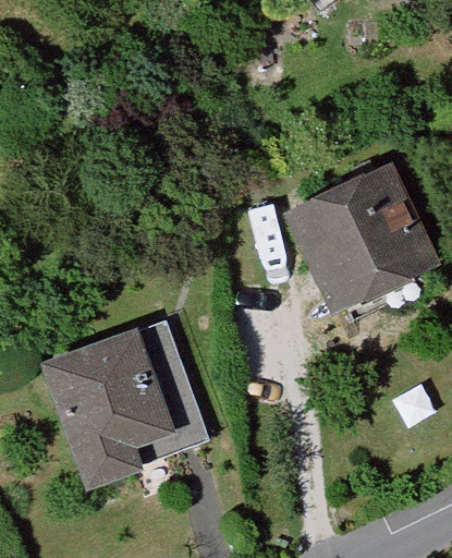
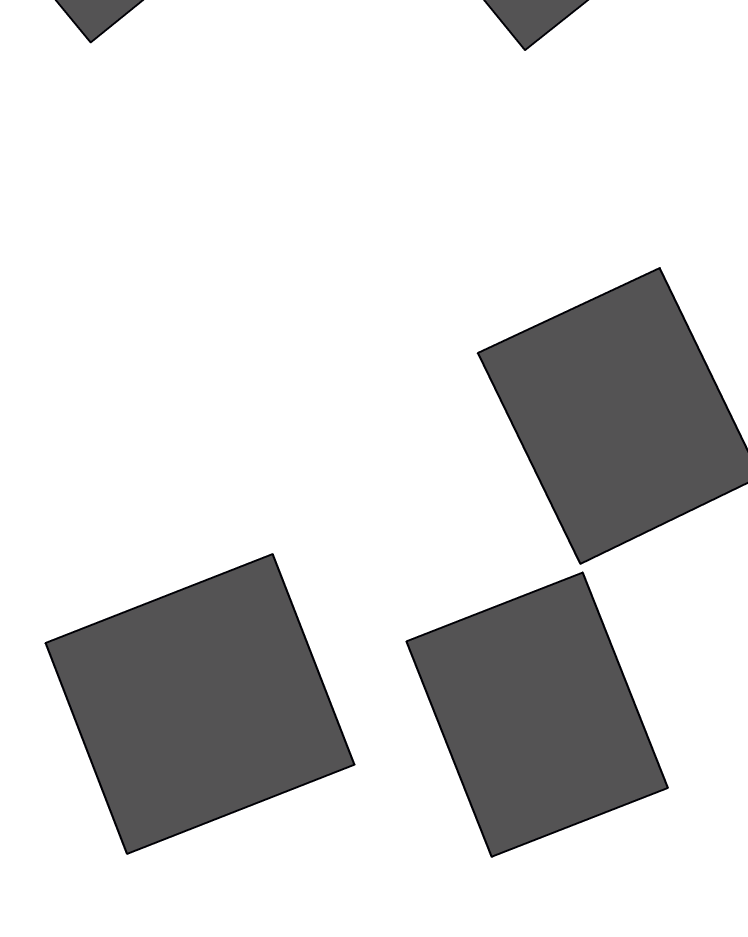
building: none -> [407,572,668,857]

